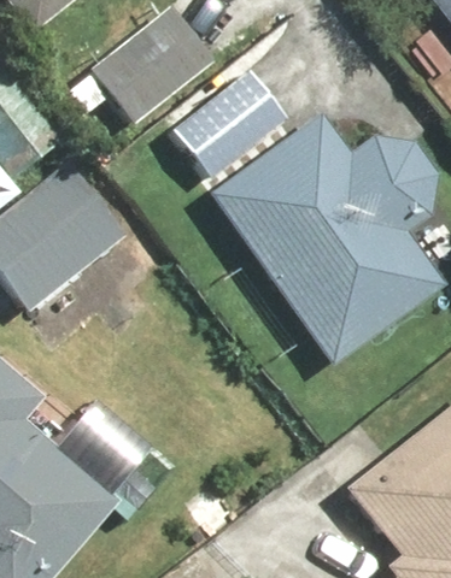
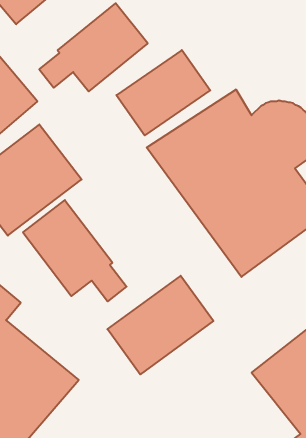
building: none -> [23,200,127,301]
building: none -> [107,276,213,374]

